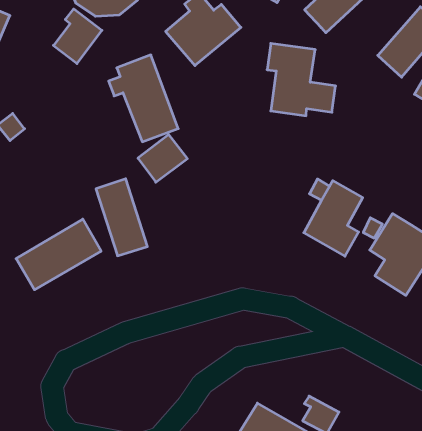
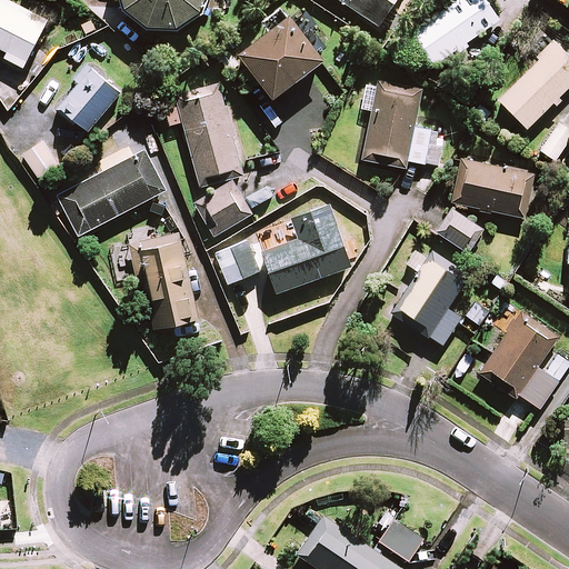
building: [53,9,102,64] -> [59,63,120,131]
building: none -> [451,160,530,217]
building: none -> [262,196,350,293]
building: none -> [436,209,482,252]
building: none -> [216,241,261,284]
building: [16,219,101,290] -> [58,152,163,236]

